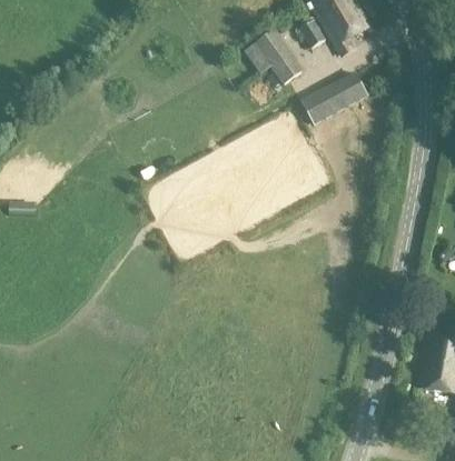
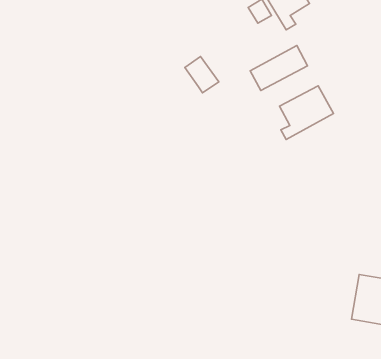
building: [255,30,294,71] -> [185,57,219,93]
building: none -> [279,86,334,139]

